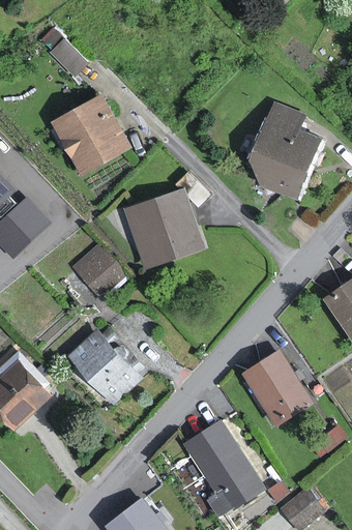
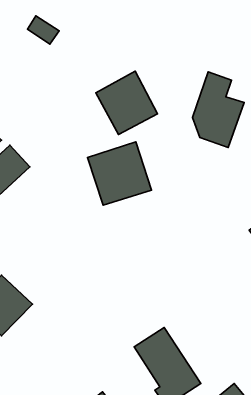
building: [52,95,128,174] -> [96,71,158,135]
building: [72,242,126,297] -> none
building: [70,331,137,401] -> none
building: [239,351,312,428] -> none

